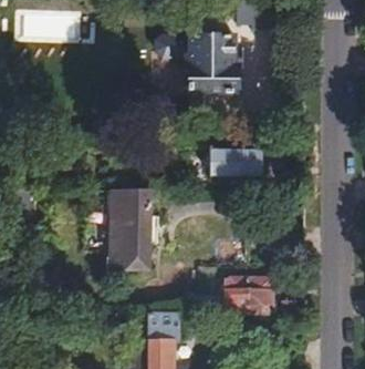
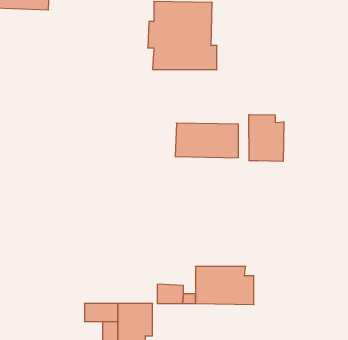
building: none -> [249,114,284,161]
building: [113,191,152,268] -> none

